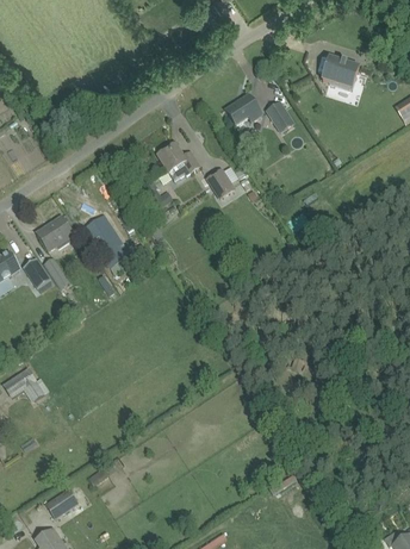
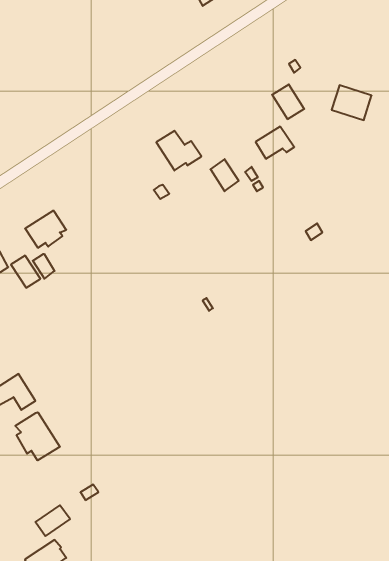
building: [321,57,358,89] -> [332,85,372,120]
building: [224,95,260,125] -> [256,127,294,159]
building: [82,214,128,268] -> none
building: none -> [15,412,60,460]

